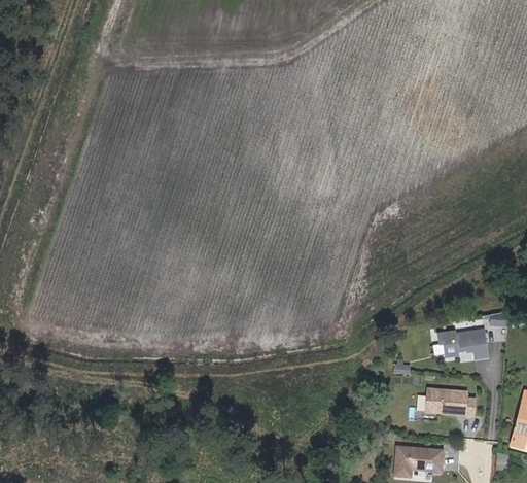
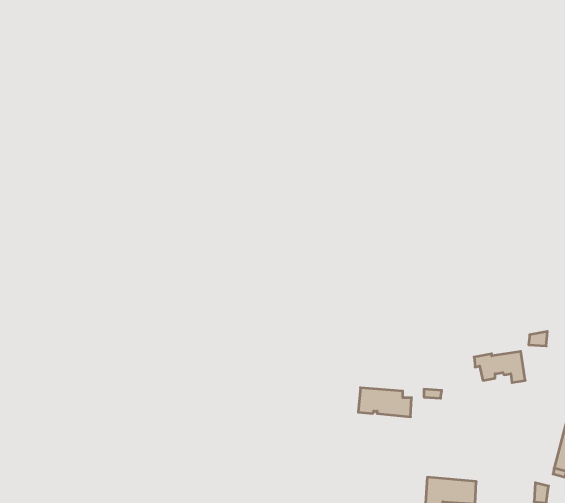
building: [425,388,475,415] -> [358,388,412,417]

